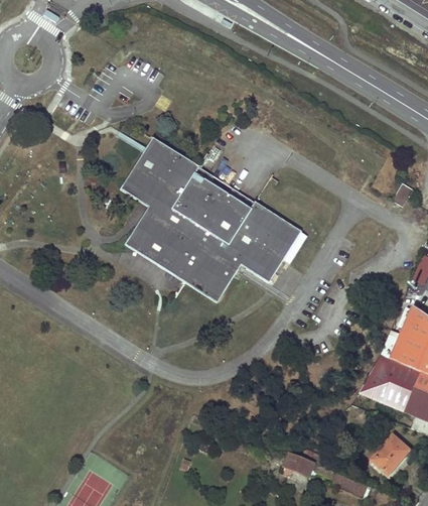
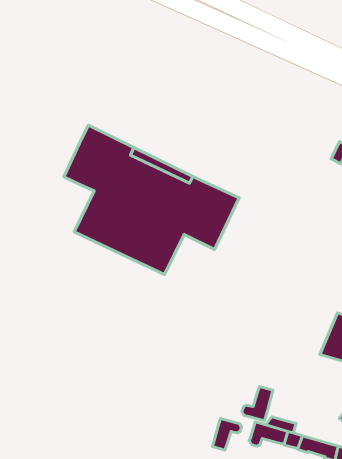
building: none -> [242,386,273,421]
building: none -> [212,418,242,450]

